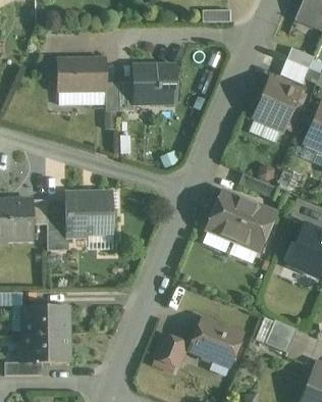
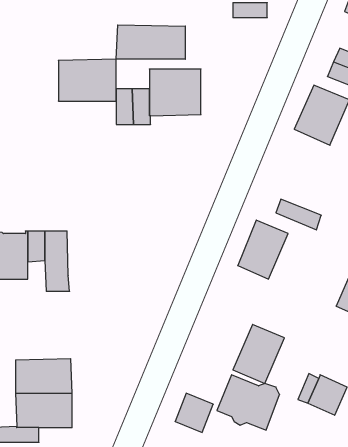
building: none -> [116,25,185,59]
building: [64,193,112,237] -> none
building: [231,202,274,251] -> [233,324,284,383]

